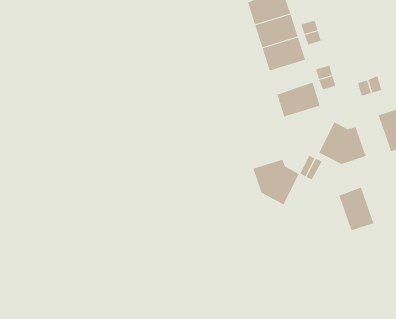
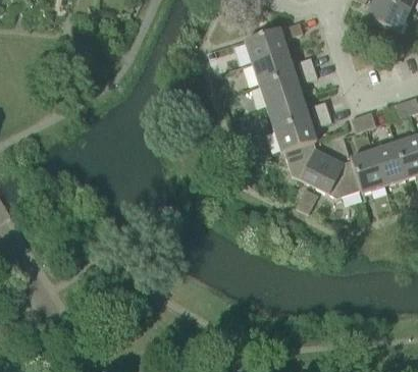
building: none -> [266,94,309,127]
building: [252,159,300,205] -> [283,140,329,184]
building: [338,187,374,231] -> [350,148,384,191]

